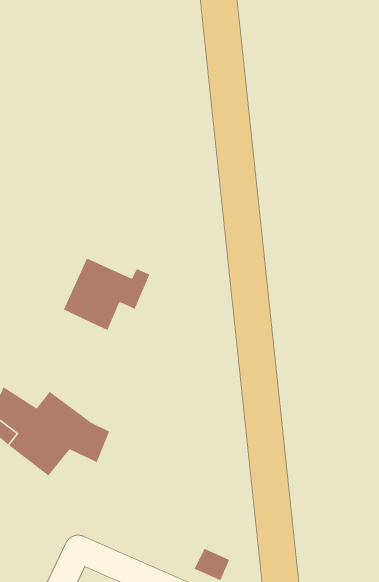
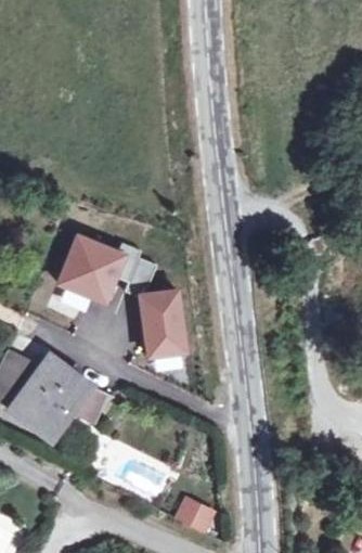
building: none -> [127,252,188,362]

